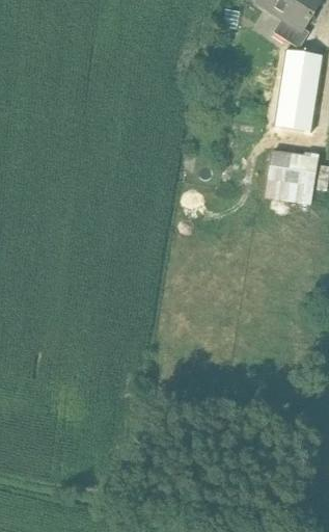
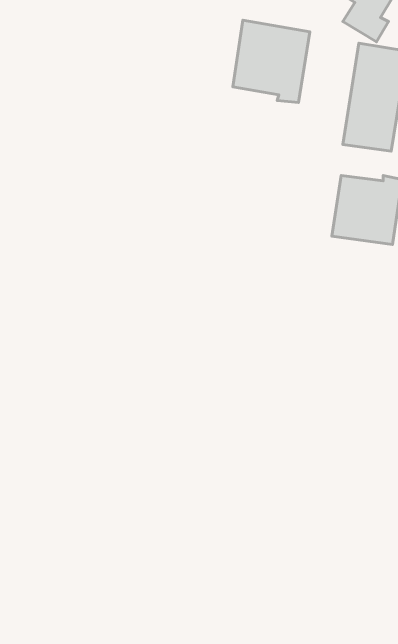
building: none -> [233,20,310,103]

